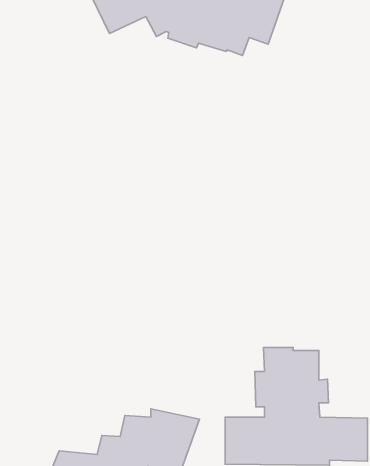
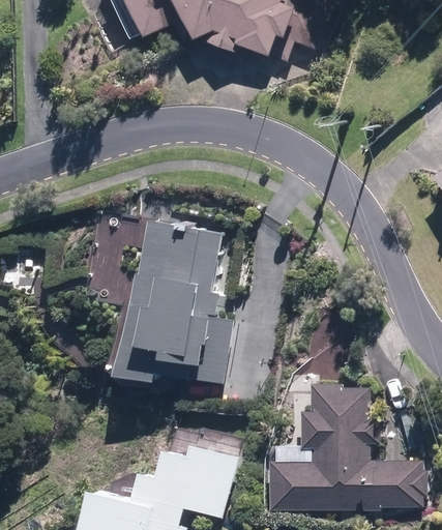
building: none -> [115,220,230,387]

